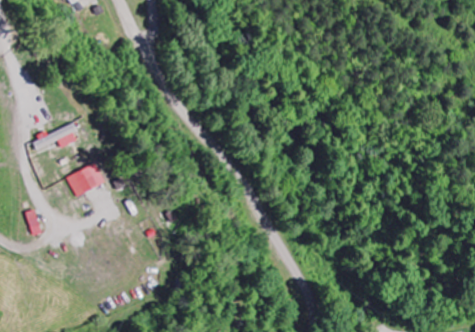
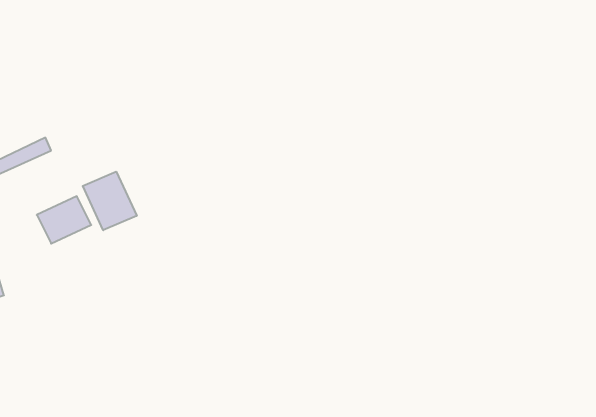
building: none -> [83,172,137,230]

